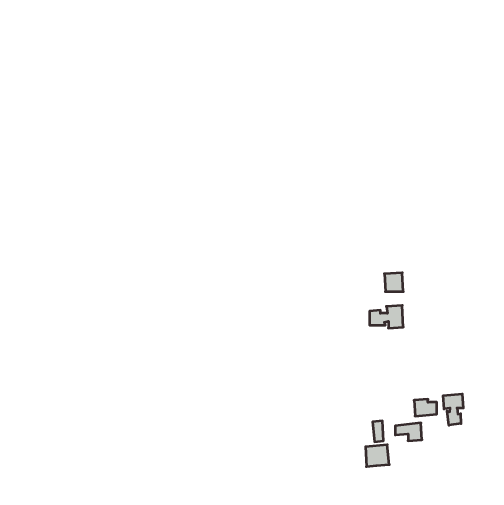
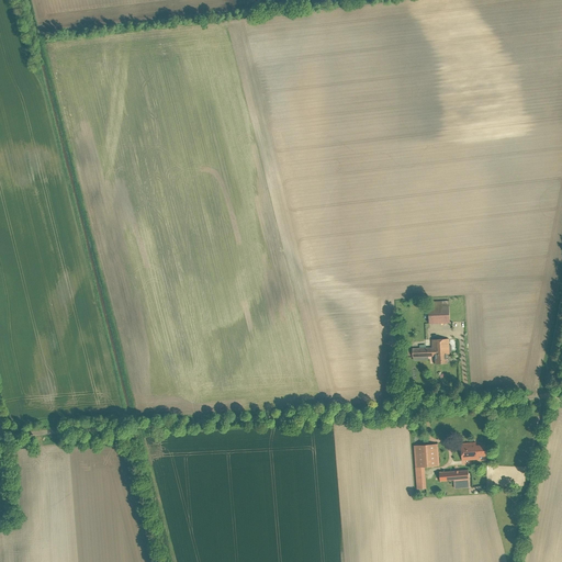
building: [443,394,463,425] -> none
building: [366,445,389,467] -> [413,445,439,469]

